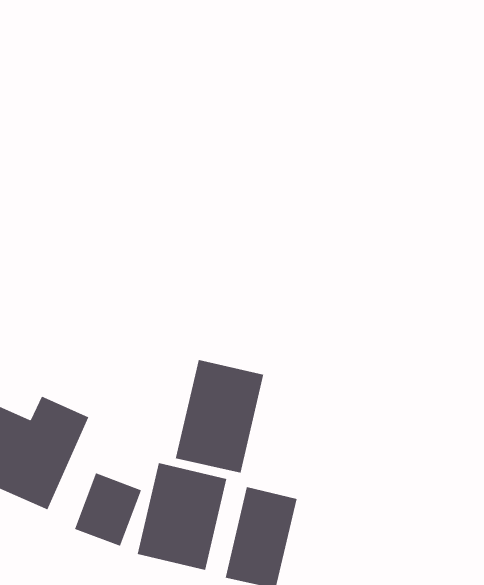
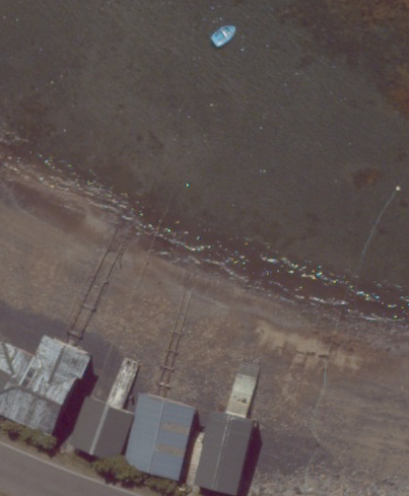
building: [175,359,264,474] -> none

